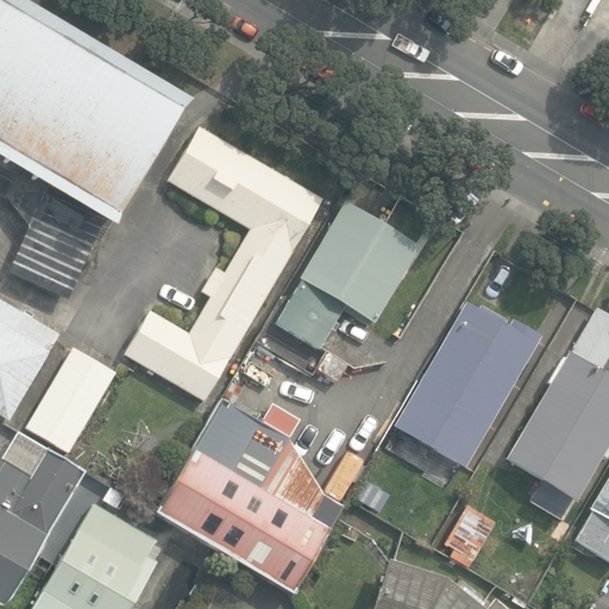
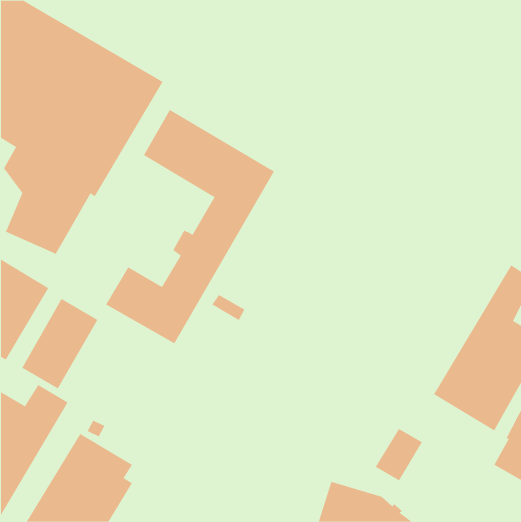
building: [277,203,419,349] -> none
building: [393,303,540,469] -> none
building: [153,394,354,589] -> none

